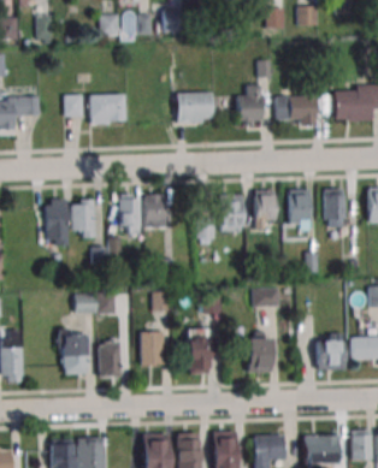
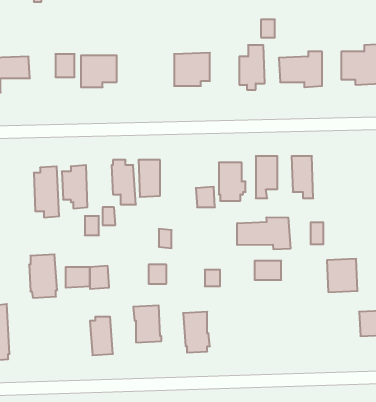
building: [324,189,344,227] -> none
building: none -> [237,217,290,249]
building: [63,334,89,375] -> [29,254,57,298]
building: [248,337,273,373] -> none
building: [318,340,347,372] -> [327,259,358,292]

